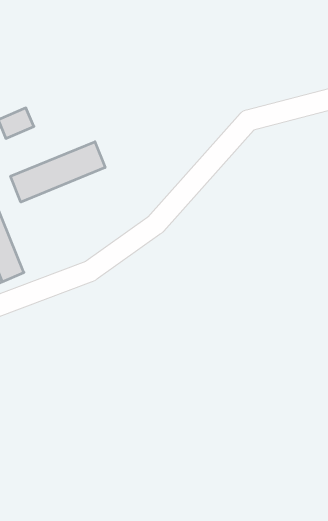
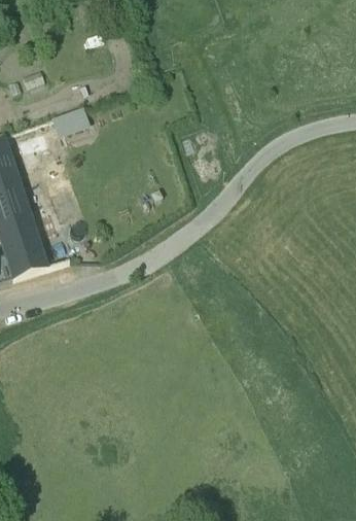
building: [11,142,105,202] -> none

